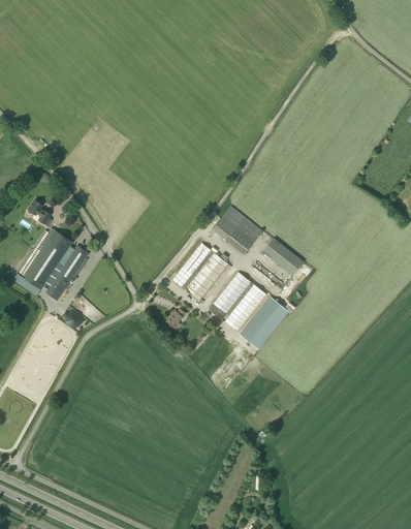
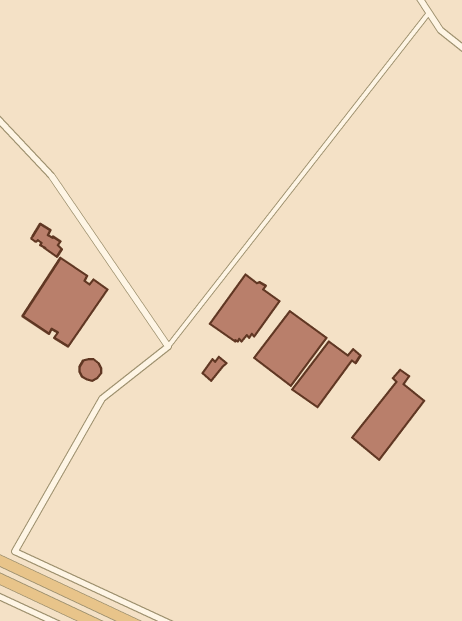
building: [213,206,262,254] -> none
building: [262,238,304,276] -> none
building: none -> [352,370,424,460]

